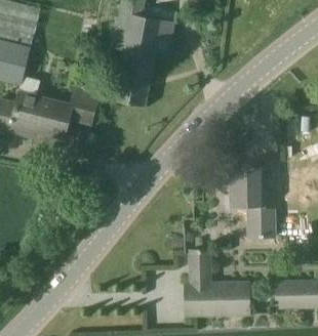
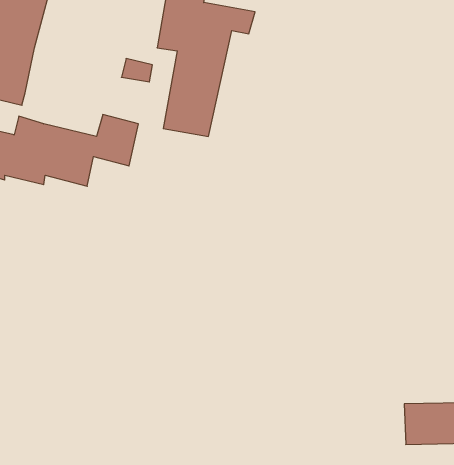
building: [230,169,276,238] -> none
building: [185,250,250,317] -> none

